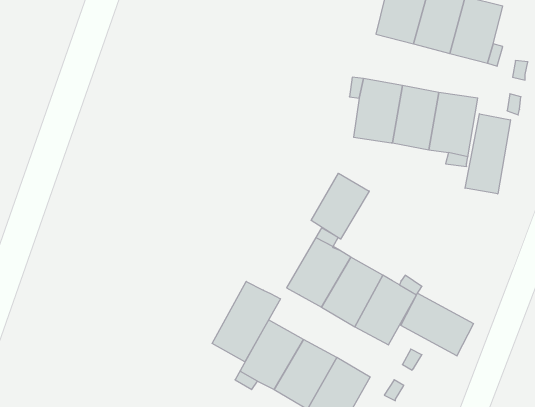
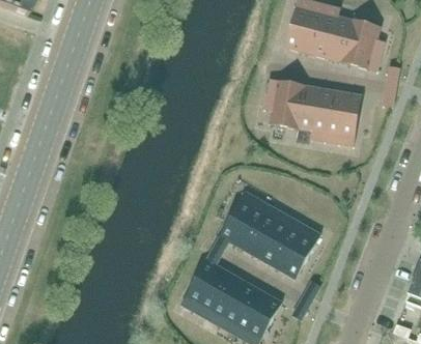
building: [465,114,510,194] -> none
building: [311,173,369,239] -> none
building: [212,281,280,362] -> none
building: [401,293,473,356] -> none

